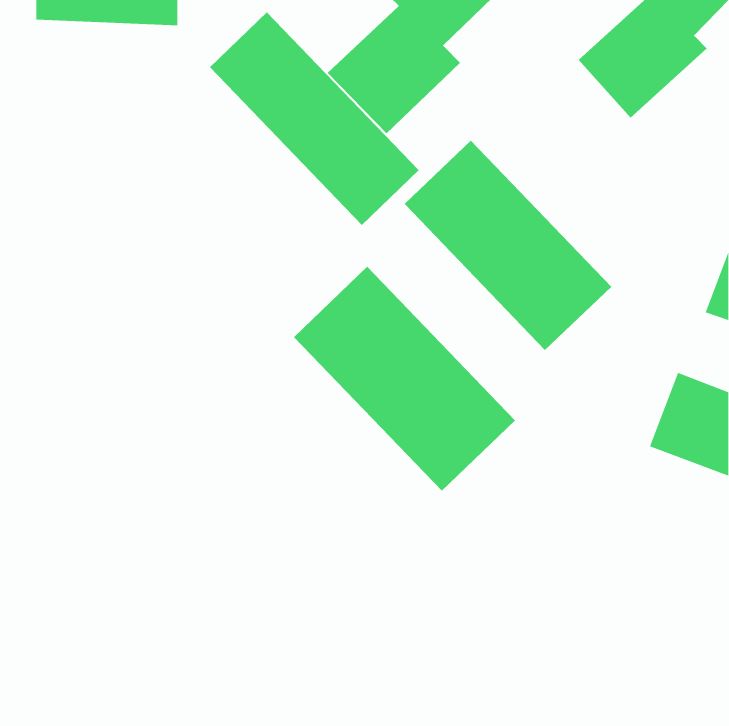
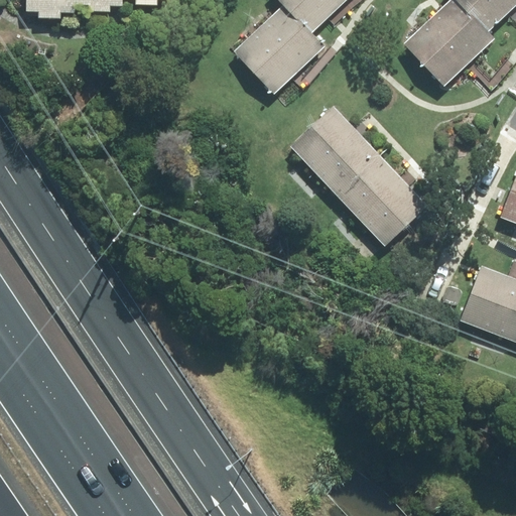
building: [209,12,419,226] -> none
building: [293,266,516,492] -> none

